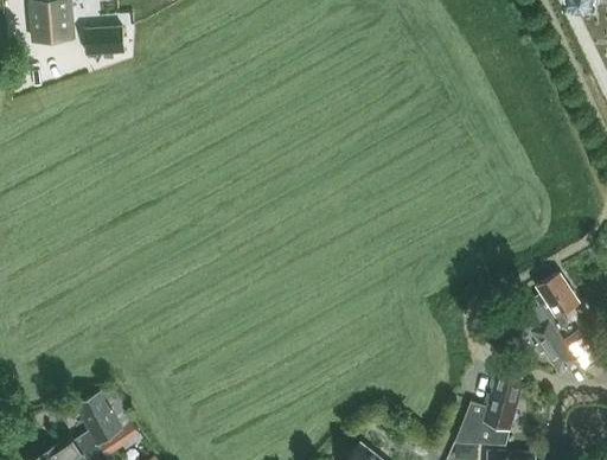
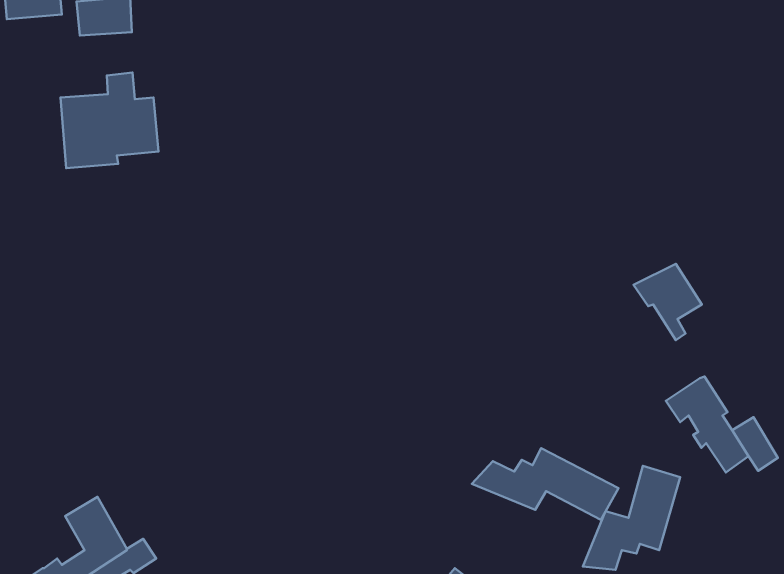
building: none -> [60,72,158,168]
building: [529,274,579,330] -> [634,264,702,340]
building: none -> [472,448,618,520]

